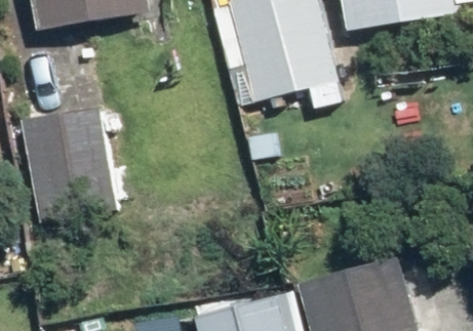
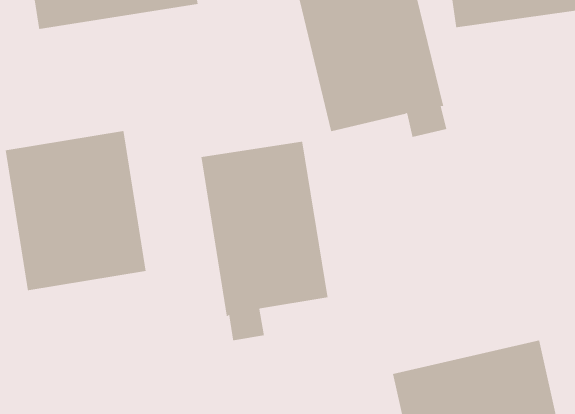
building: none -> [201,141,328,341]

